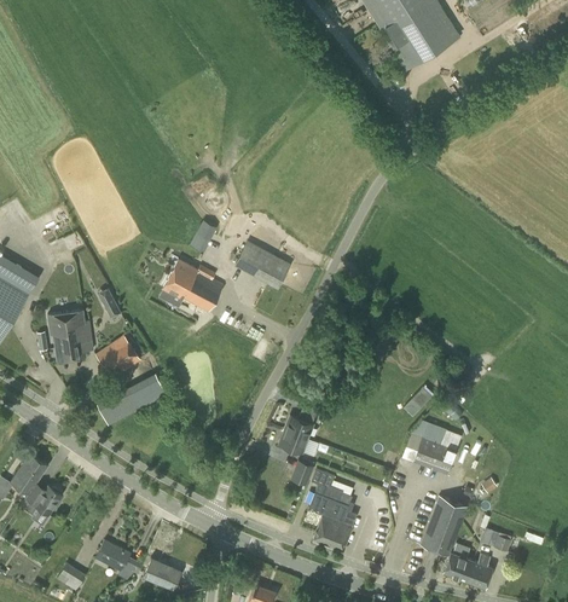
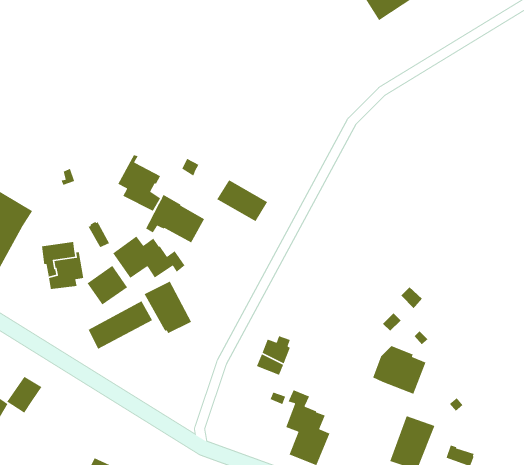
building: none -> [117,154,161,212]
building: none -> [112,236,185,279]
building: none -> [144,281,192,334]
building: [19,480,60,516] -> none

